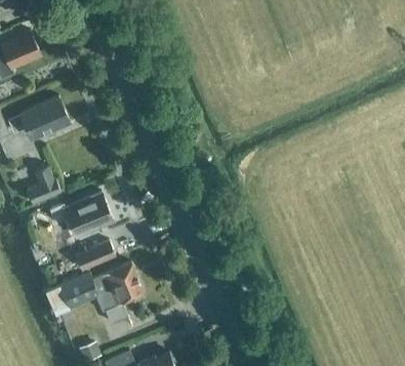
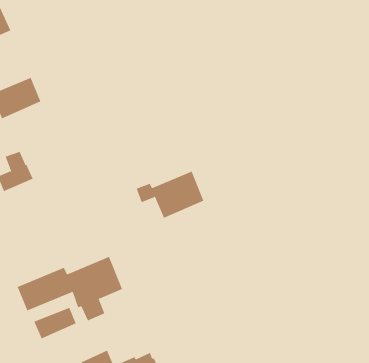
building: [49,193,113,237] -> [136,171,204,218]
building: [75,241,115,271] -> [33,307,77,339]

